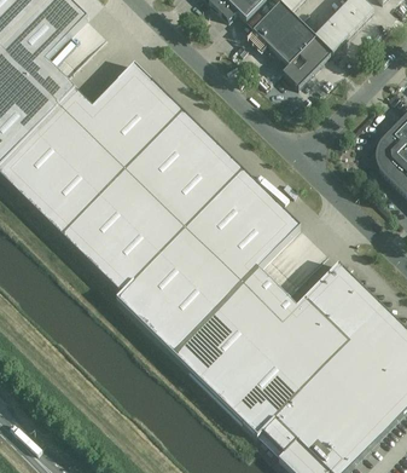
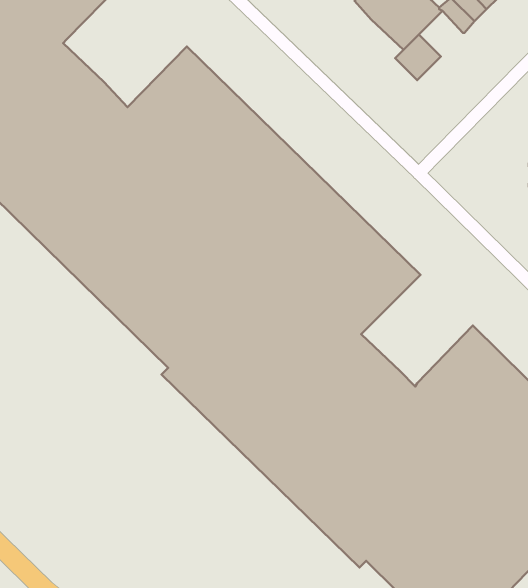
building: [300,35,331,68] -> none

